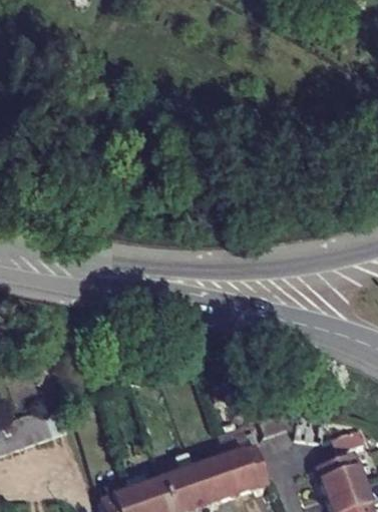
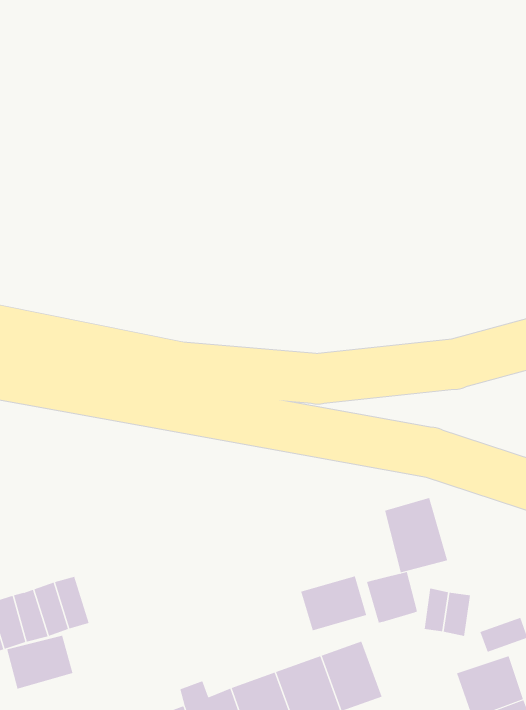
building: none -> [384,497,448,573]
building: none -> [301,576,367,631]
building: none -> [7,635,73,689]

